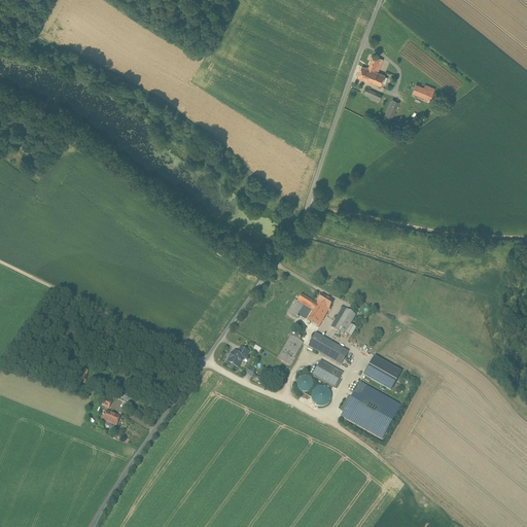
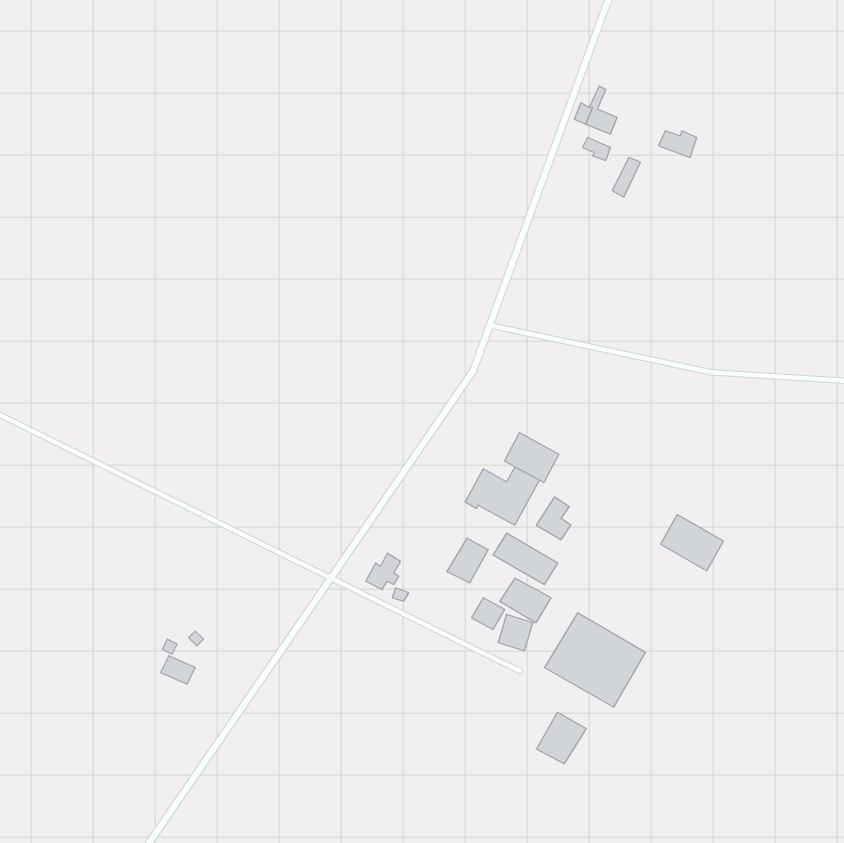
building: none -> [505,433,559,483]
building: [362,355,401,390] -> [661,515,723,571]
building: none -> [536,712,586,764]

